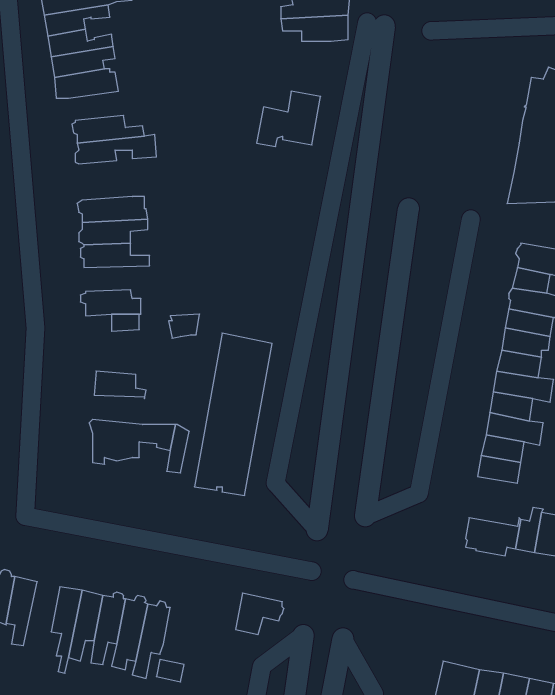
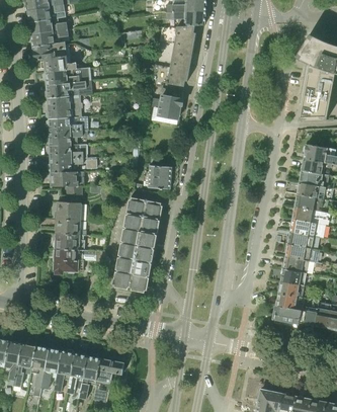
building: none -> [159,25,194,58]
building: none -> [40,55,77,72]
building: none -> [151,88,182,118]
building: none -> [46,95,82,118]
building: none -> [48,157,97,172]
building: none -> [147,165,171,188]
building: none -> [57,200,82,221]
building: none -> [54,233,85,249]
building: none -> [275,280,304,309]
building: none -> [13,342,35,387]
building: [236,593,284,635] -> [96,357,124,382]

